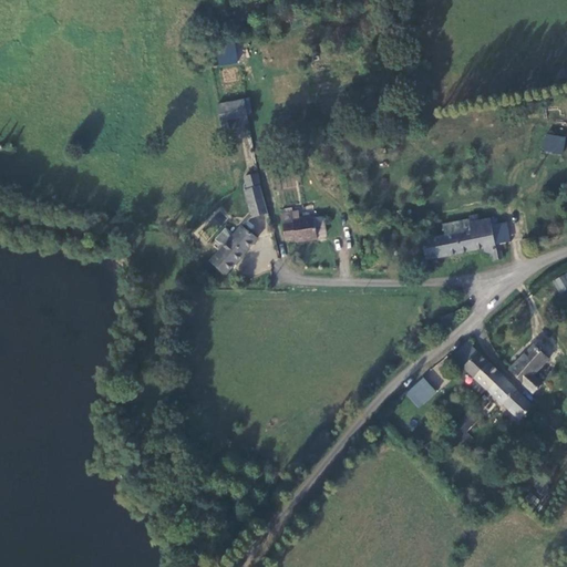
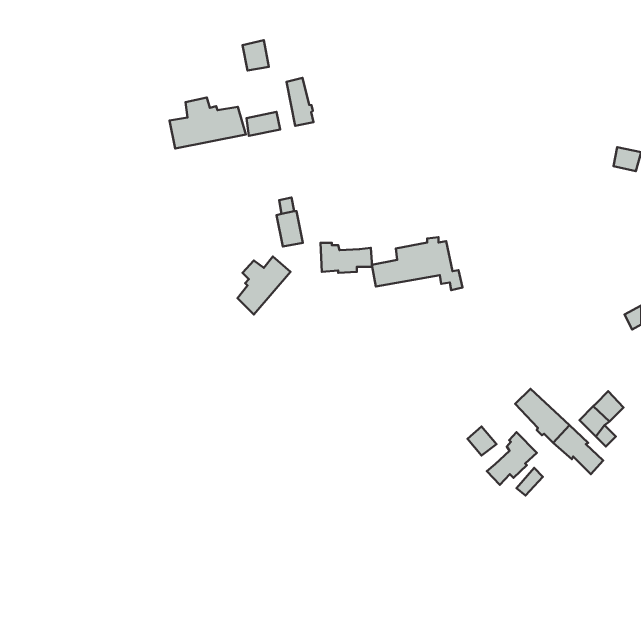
building: none -> [286,78,313,126]
building: none -> [170,97,246,148]
building: [423,216,503,262] -> [372,237,462,290]
building: none -> [487,432,537,485]

